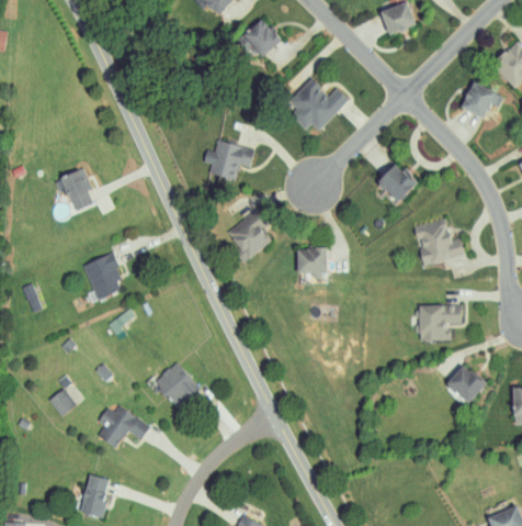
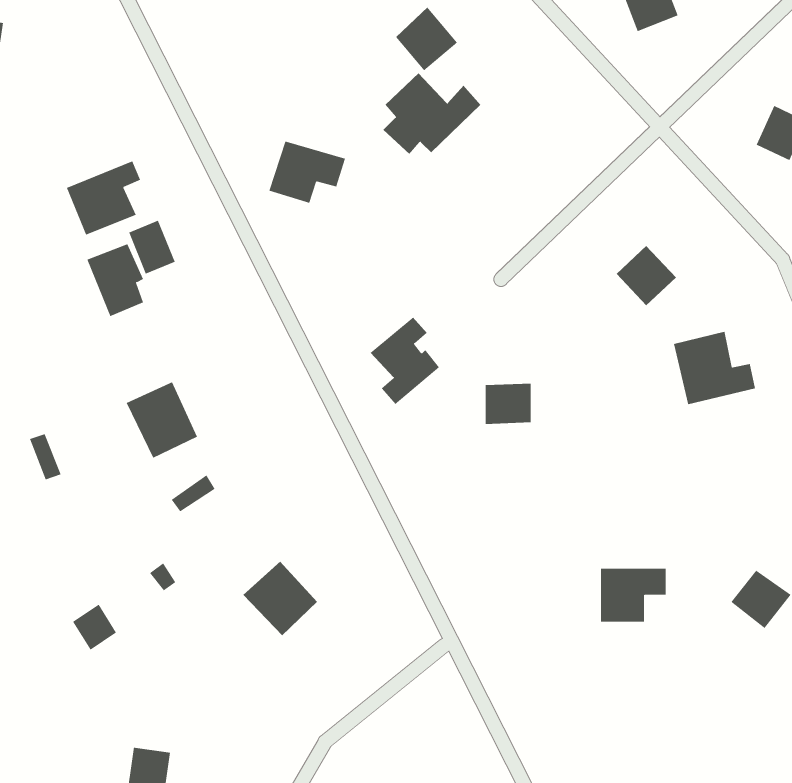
building: [291,81,351,132] -> [383,72,481,155]
building: none -> [66,161,141,235]
building: [209,141,257,179] -> [269,141,346,203]
building: none -> [128,220,175,274]
building: [421,306,462,339] -> [600,568,666,622]
building: [97,405,148,447] -> none

